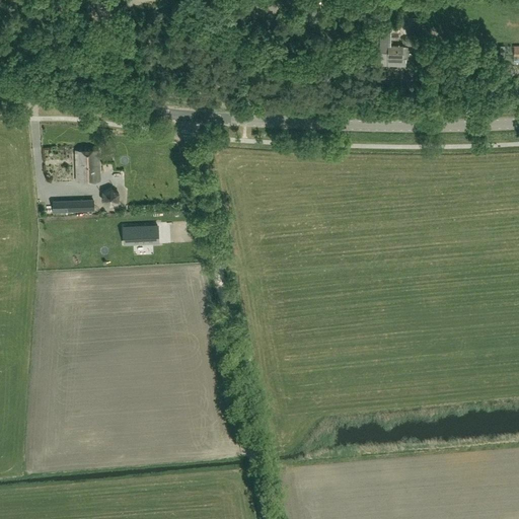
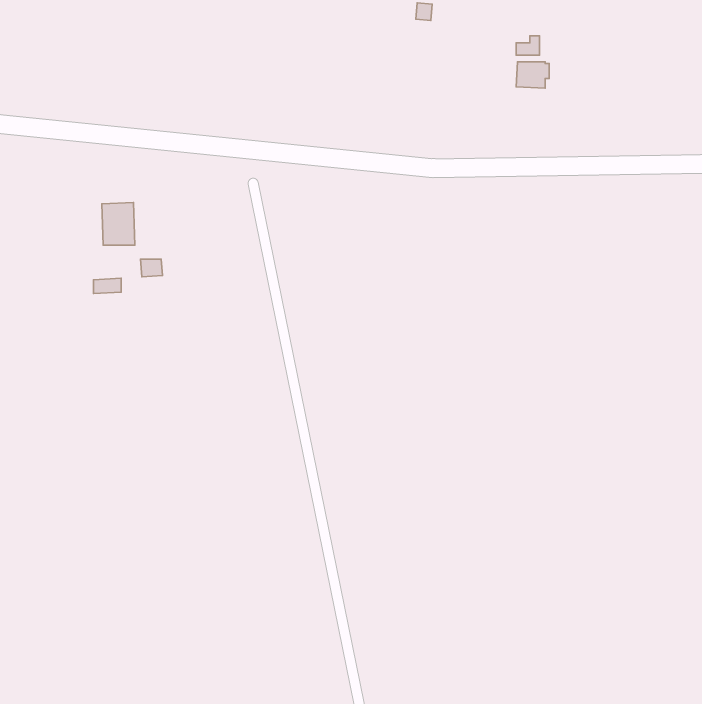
building: [123,225,157,243] -> none

